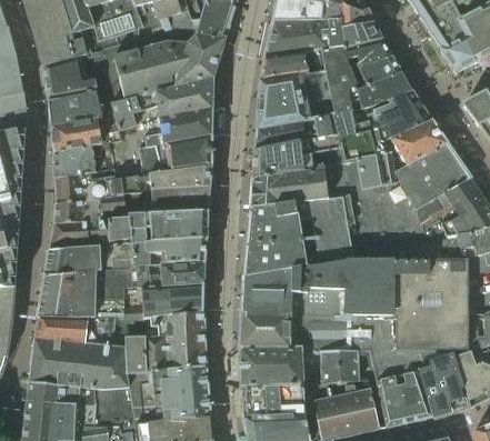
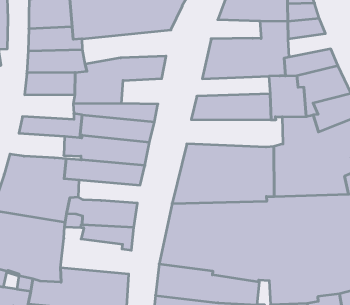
building: [261,52,318,81] -> none
building: [349,56,400,89] -> none
building: [111,78,212,132] -> none
building: [253,114,338,150] -> none
building: [166,136,210,171] -> none
building: [250,159,361,207] -> none
building: [54,169,116,203] -> none
building: [50,219,110,244] -> none
building: [132,262,203,289] -> none
building: [124,333,206,371] -> none

